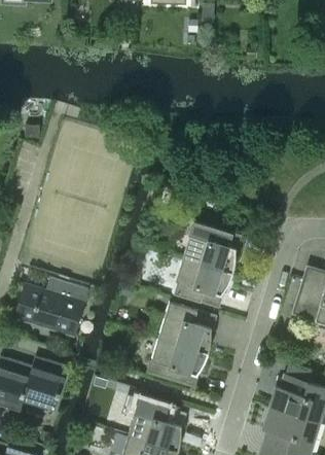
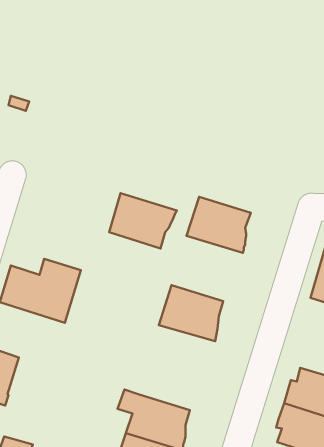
building: [172,257,232,307] -> [109,193,177,248]
building: [147,338,208,386] -> none
building: [22,358,68,410] -> none

